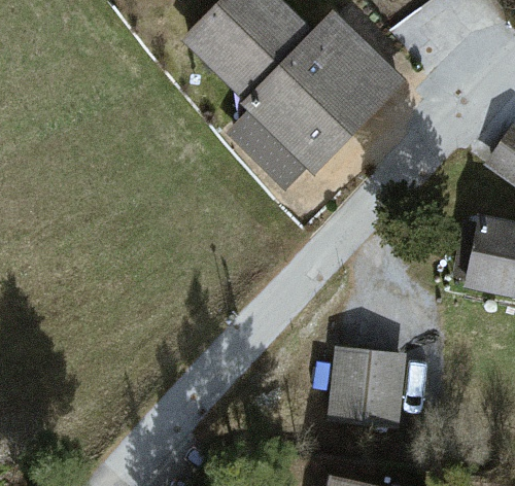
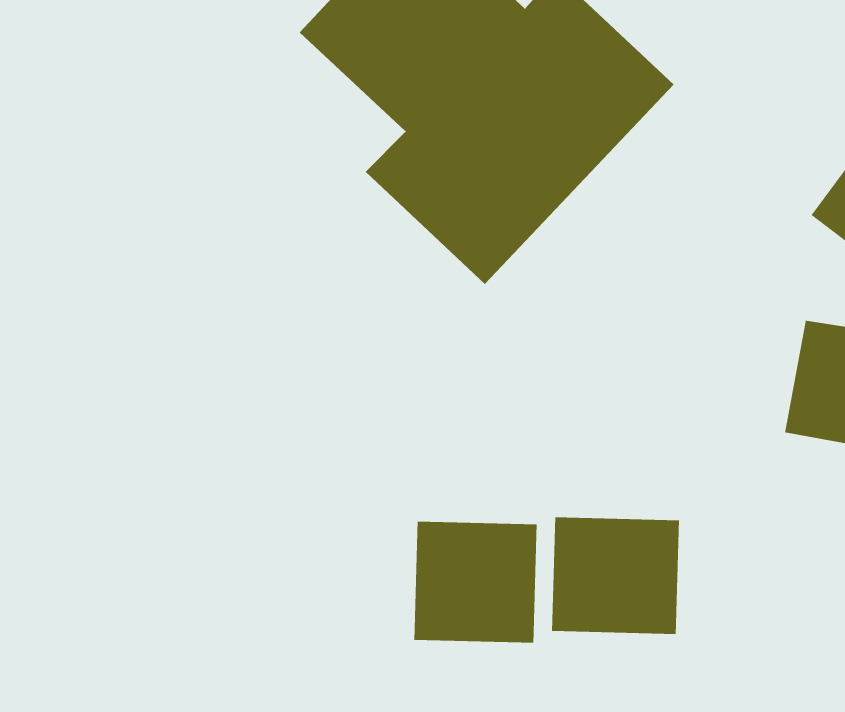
building: none -> [414,521,537,644]

